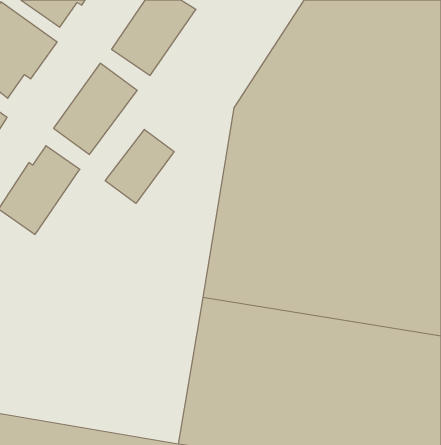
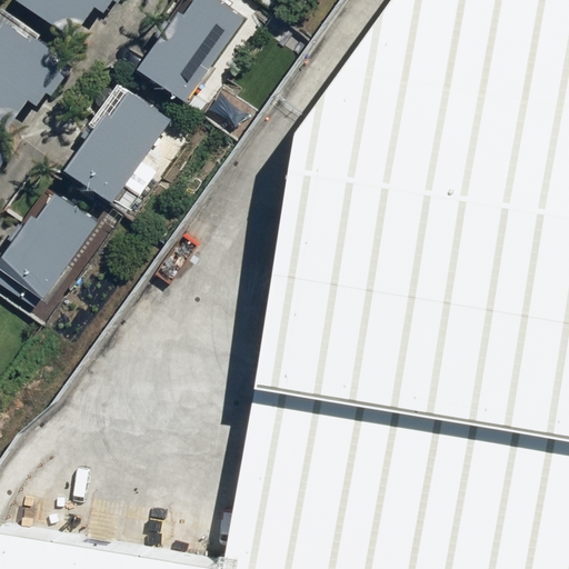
building: [105,129,174,203] -> none

